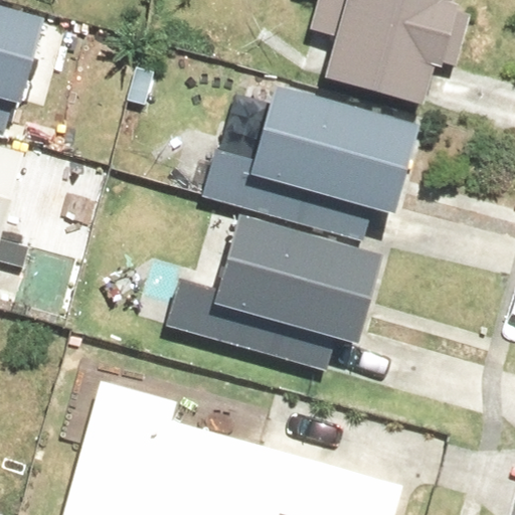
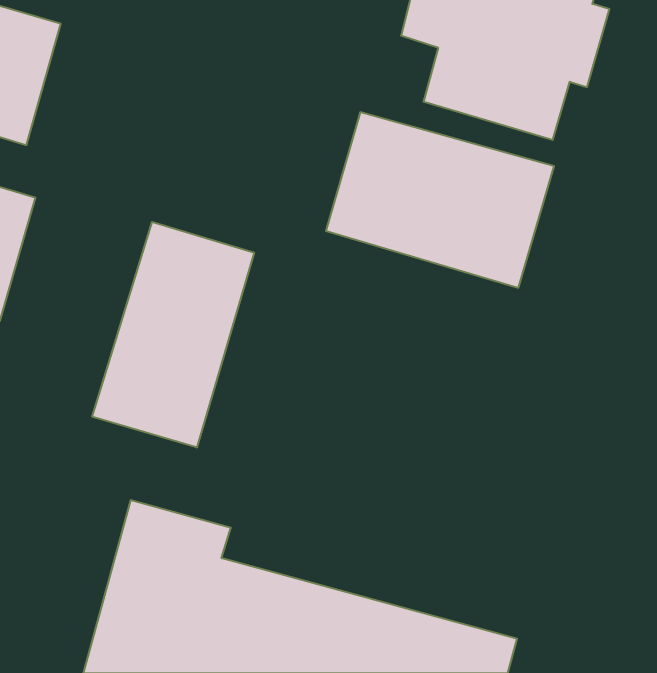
building: none -> [92,222,254,448]
building: [211,213,385,348] -> none

